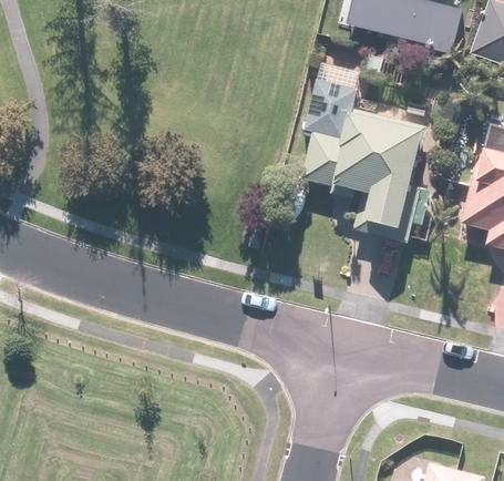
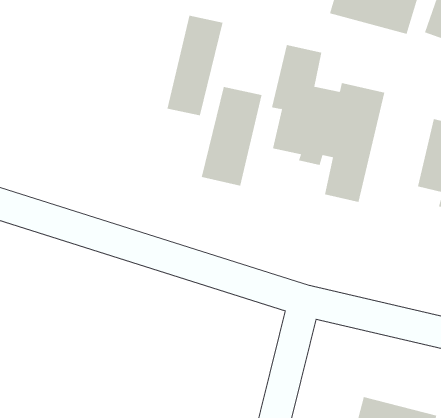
building: none -> [167,15,223,116]
building: none -> [201,86,262,186]

